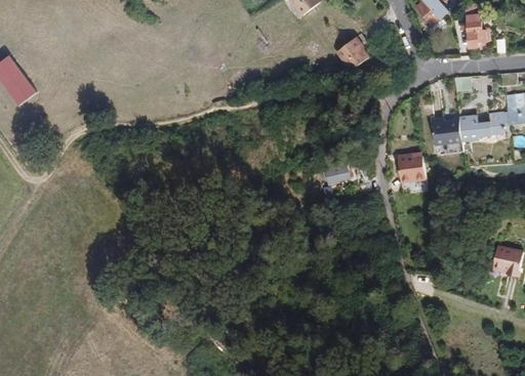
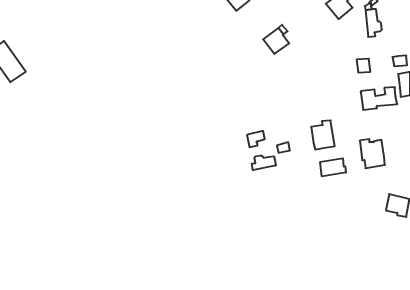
building: [432,118,463,155] -> [360,139,385,168]
building: none -> [252,155,276,170]
building: none -> [320,158,346,176]

